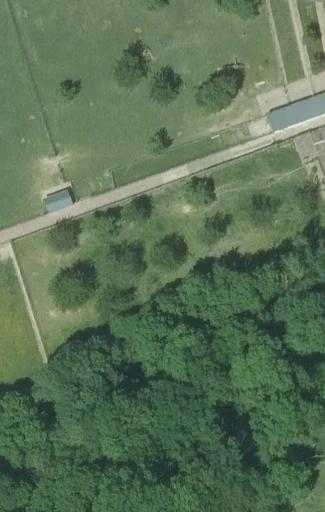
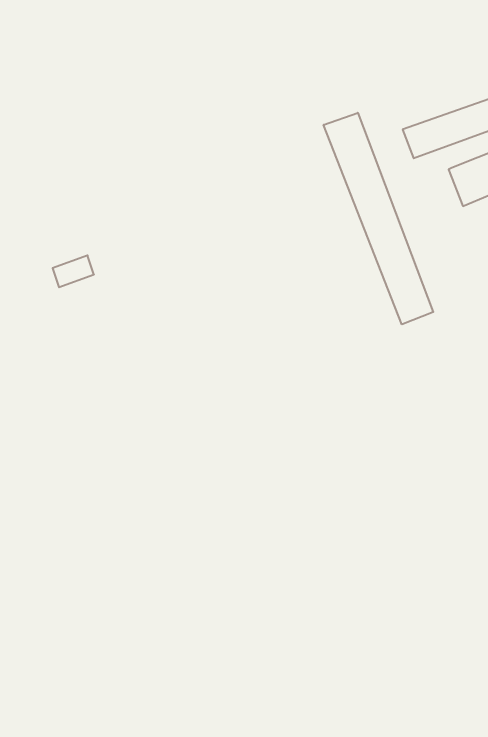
building: none -> [324,113,433,324]

